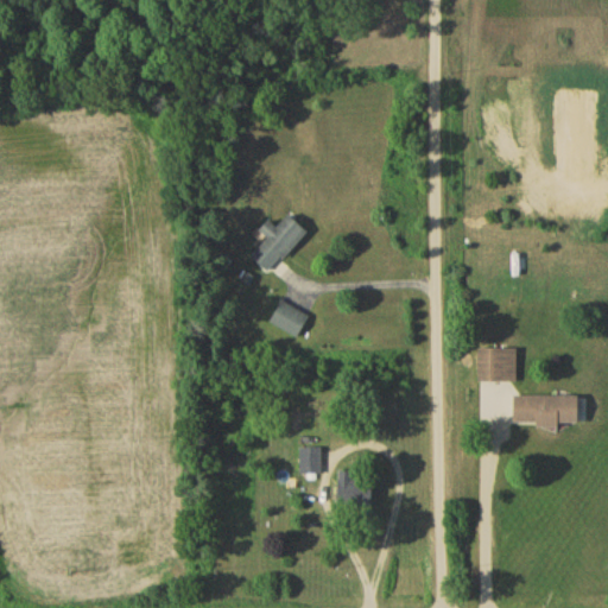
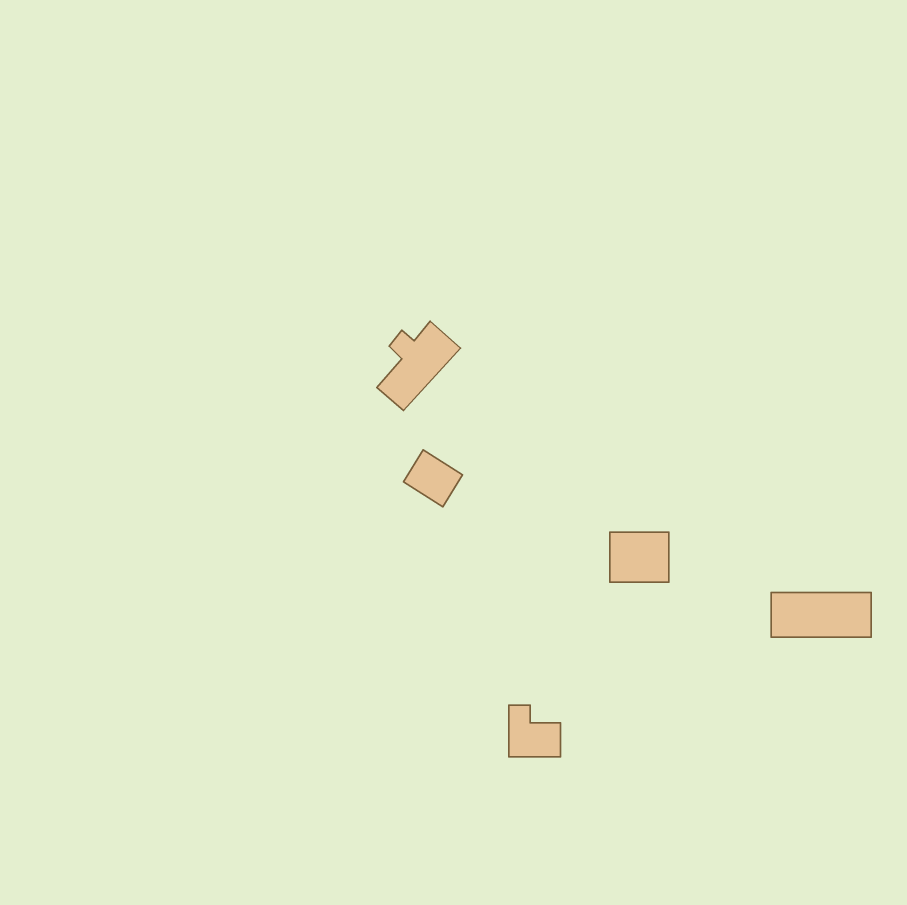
building: [476,347,515,380] -> [610,532,669,582]
building: [299,445,319,474] -> none

